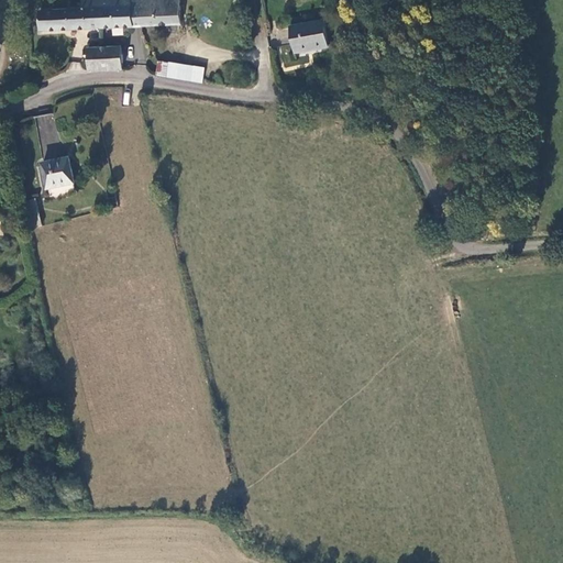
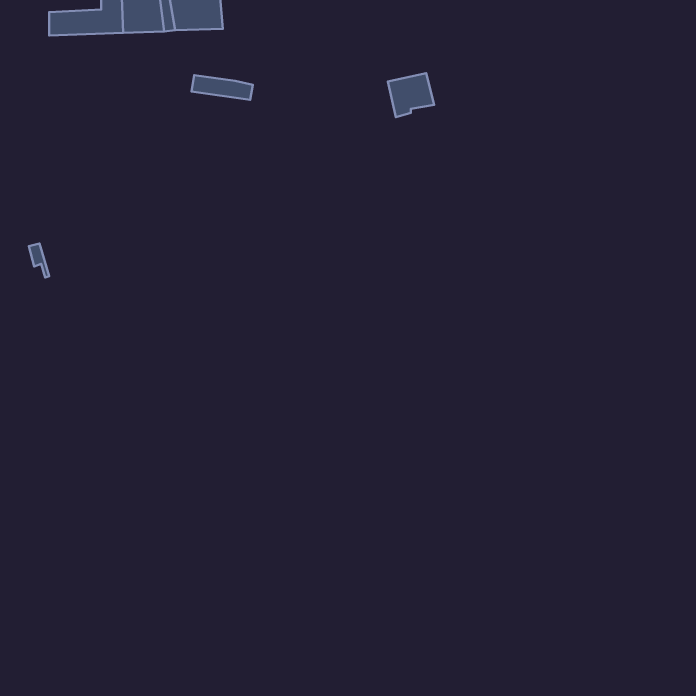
building: [287,21,324,56] -> [388,73,434,117]
building: [87,47,121,69] -> none
building: [41,156,73,187] -> none

